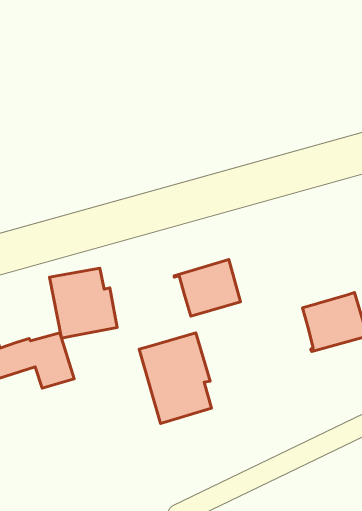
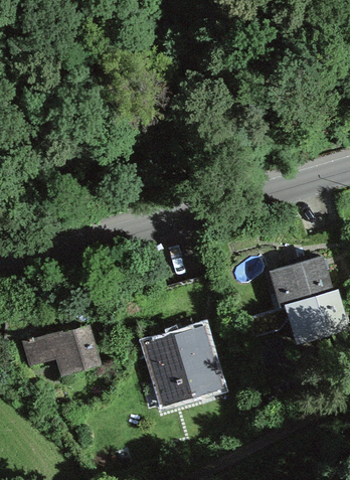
building: [174,259,241,316] -> [275,258,331,306]
building: [50,268,117,338] -> none

